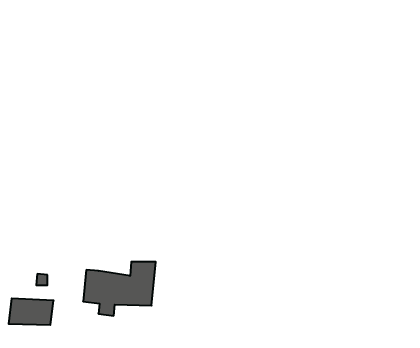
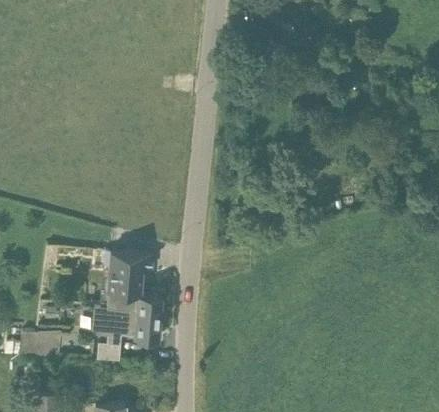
building: none -> [106,251,152,308]

